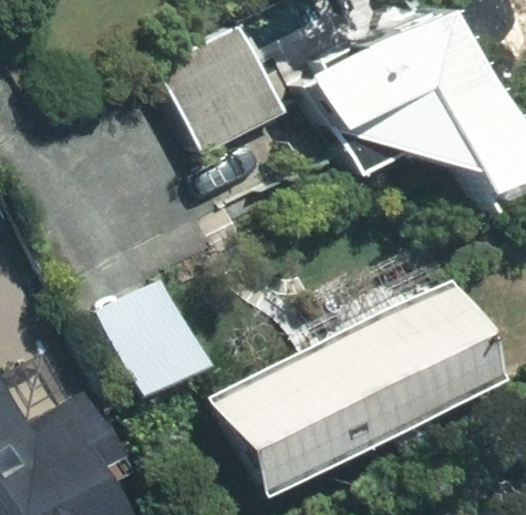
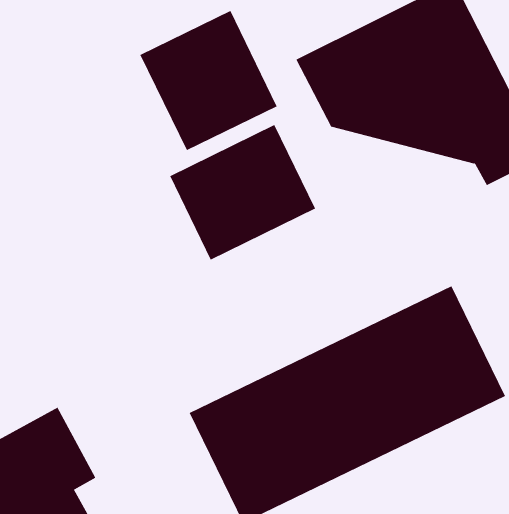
building: none -> [169,124,316,260]
building: [101,281,212,400] -> none

